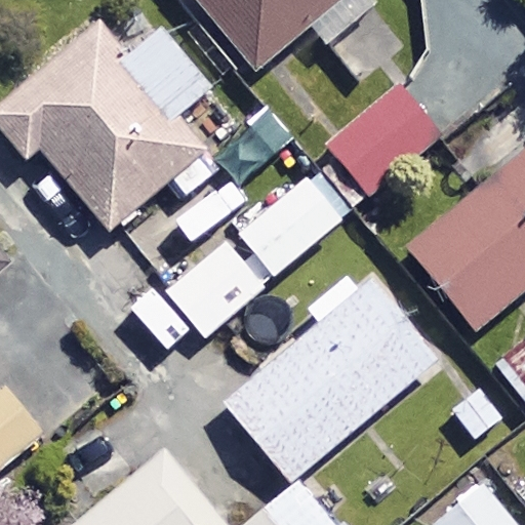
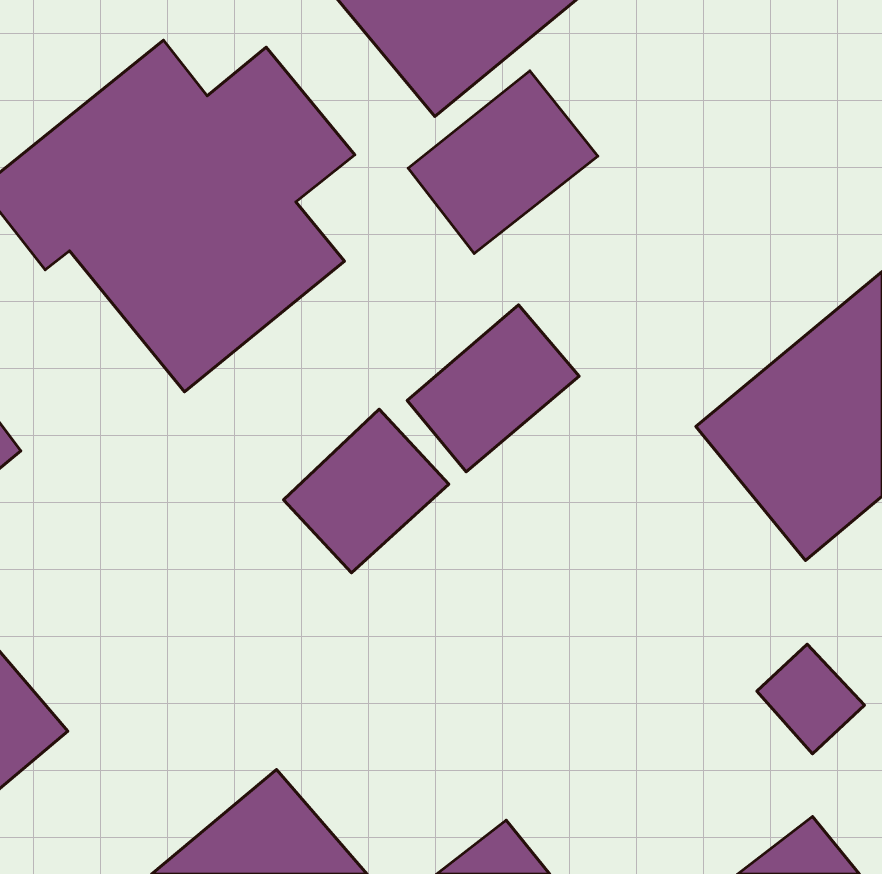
building: [328,85,440,193] -> [408,71,598,254]
building: [226,266,438,481] -> none

